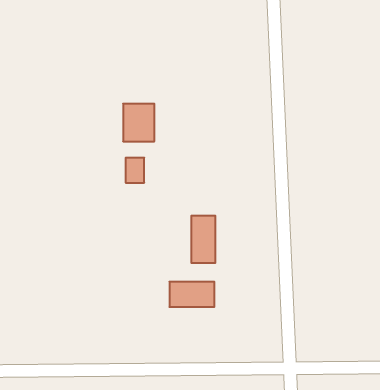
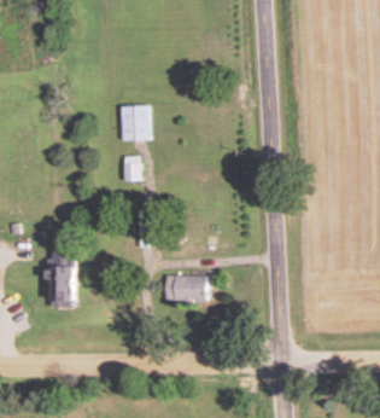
building: [191,216,215,263] -> none
building: none -> [48,261,71,306]

